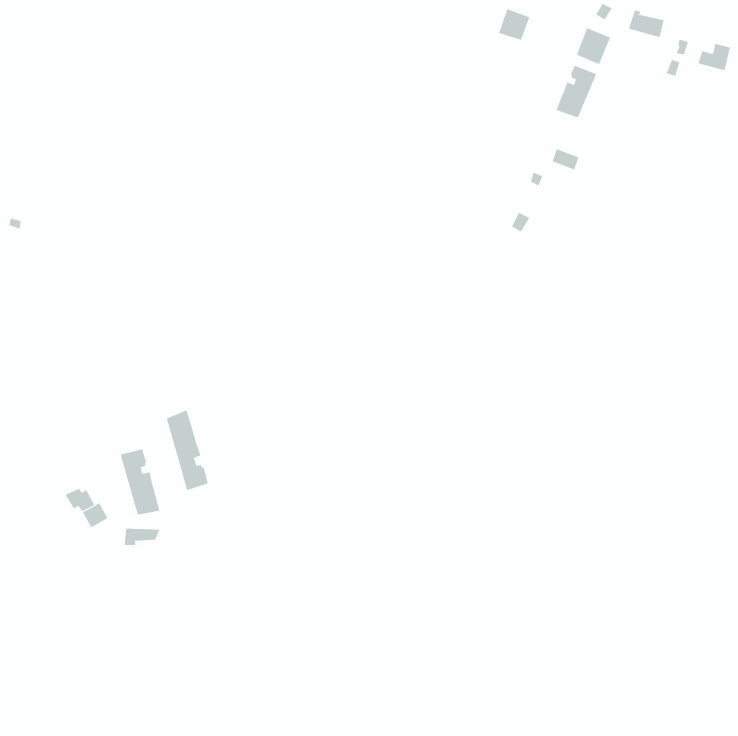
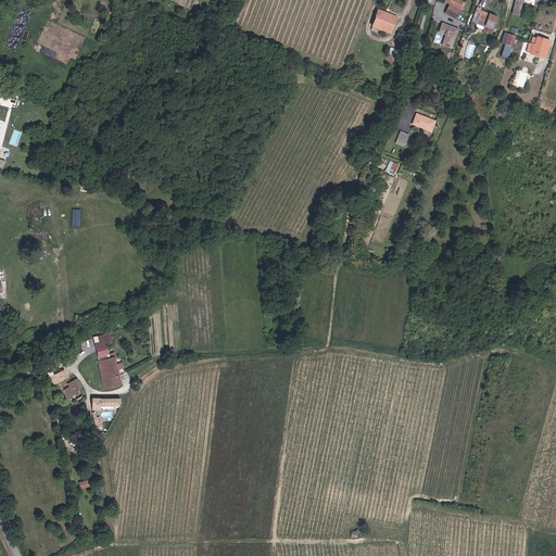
building: [556,65,597,118] -> none
building: [166,410,209,491] -> none

